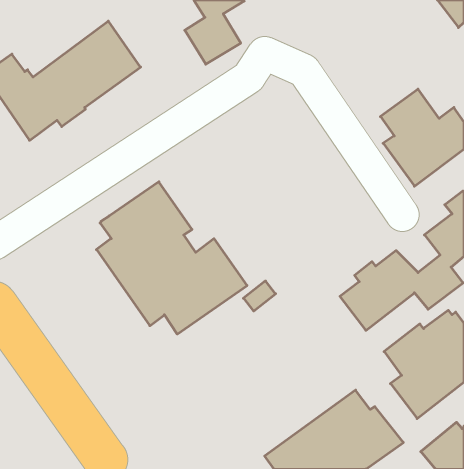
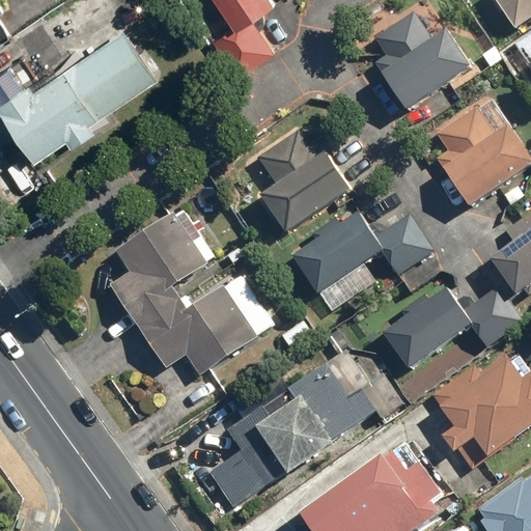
building: none -> [374,11,474,110]
building: none -> [256,134,356,233]
building: none -> [286,188,436,313]
building: none -> [207,350,397,507]

